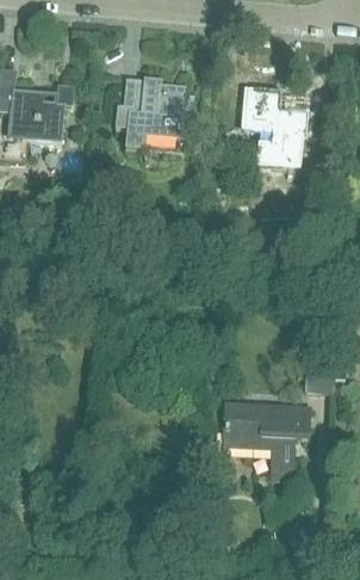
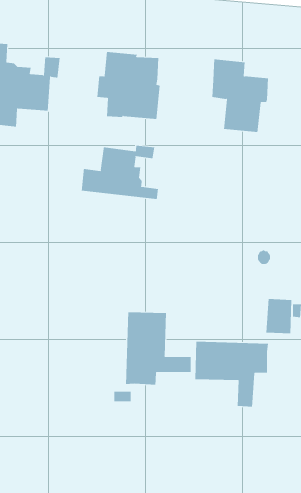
building: none -> [81,145,159,200]
building: none -> [126,311,191,385]

